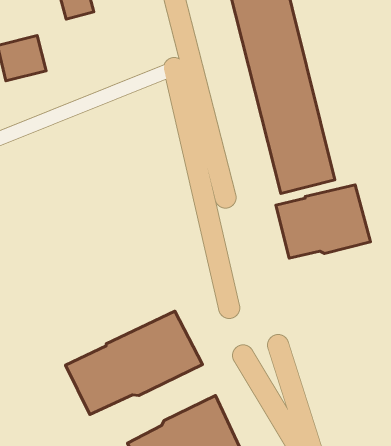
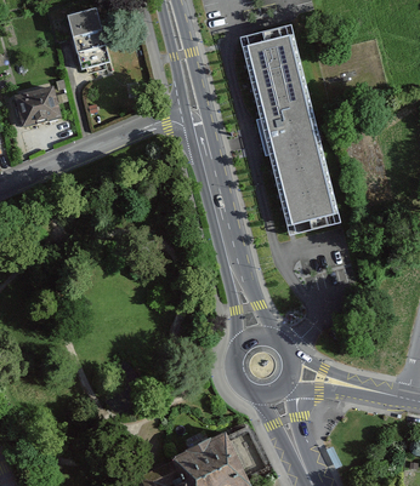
building: [276,185,370,258] -> none
building: [66,311,202,415] -> none

